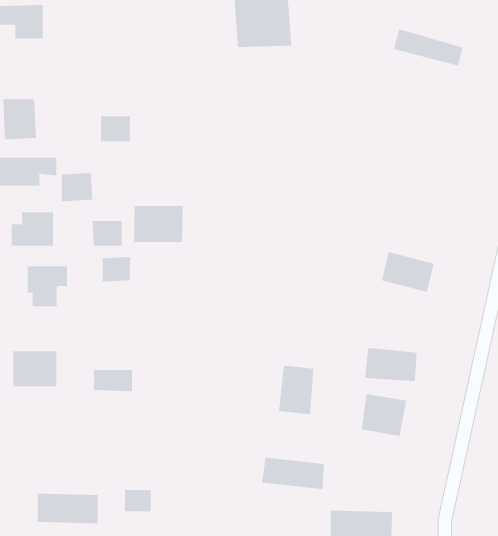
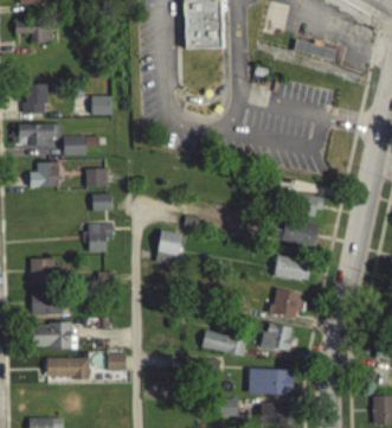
building: [134,205,183,243] -> none
building: [27,266,68,307] -> [85,223,114,251]
building: none -> [283,221,317,245]
building: [278,365,314,415] -> [156,230,181,264]
building: none -> [32,292,62,314]
building: none -> [31,322,77,349]
building: none -> [263,322,294,351]

